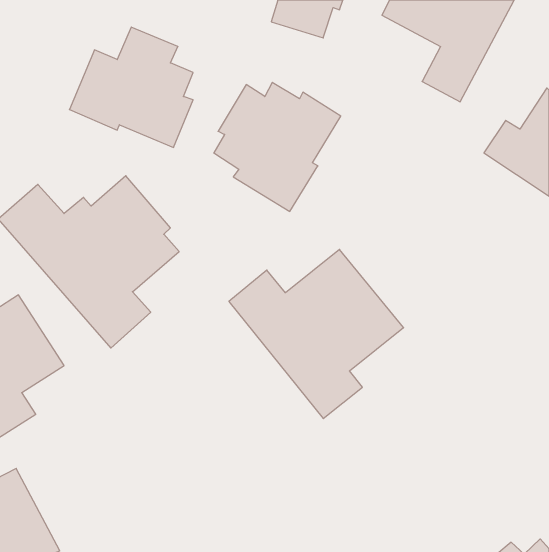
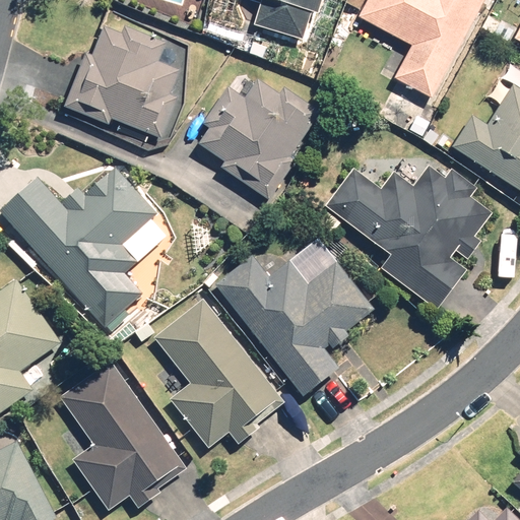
building: none -> [326,166,492,308]
building: none -> [153,298,283,449]
building: none -> [59,361,187,511]

